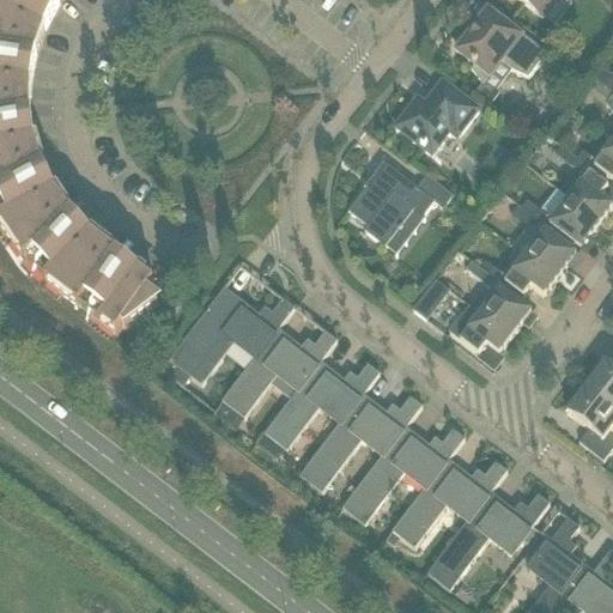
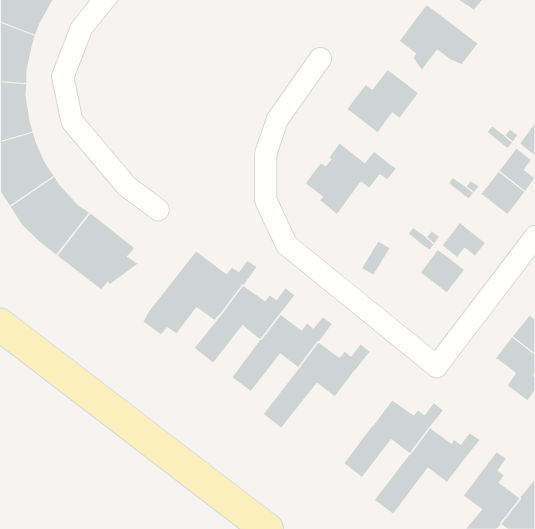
building: [526,227,576,278] -> none
building: [450,304,511,352] -> none
building: [342,424,466,523] -> none

